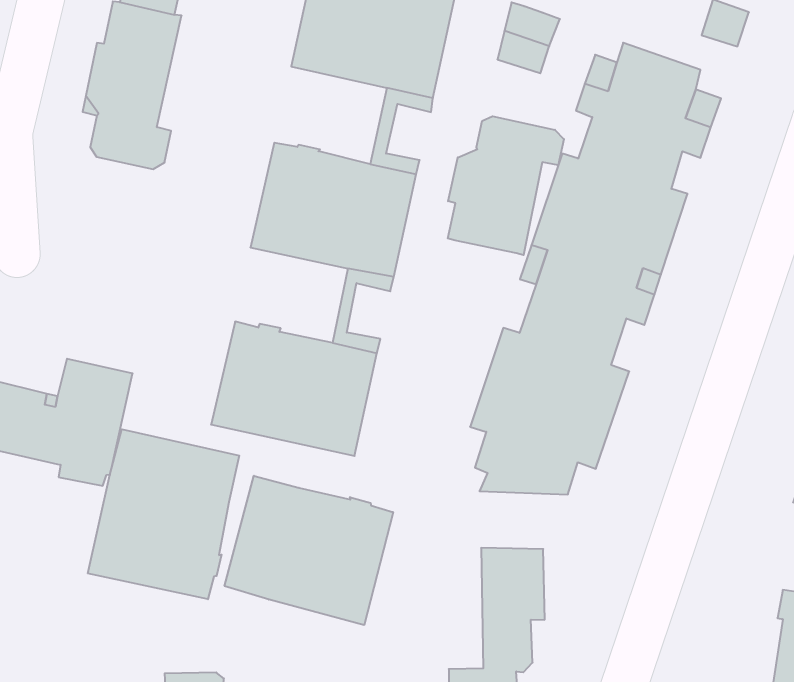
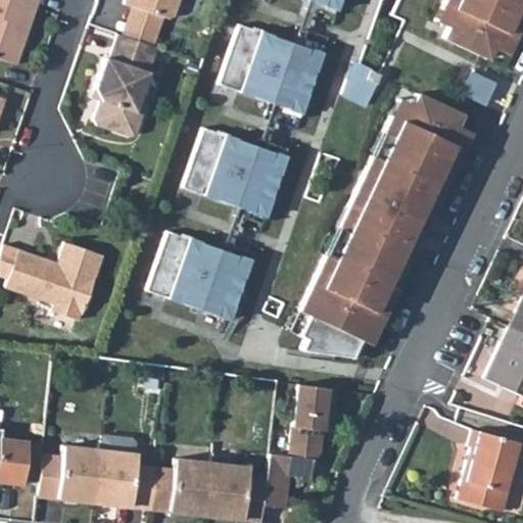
building: [448,116,564,255] -> none
building: [88,429,239,599] -> none
building: [225,476,393,625] -> none

